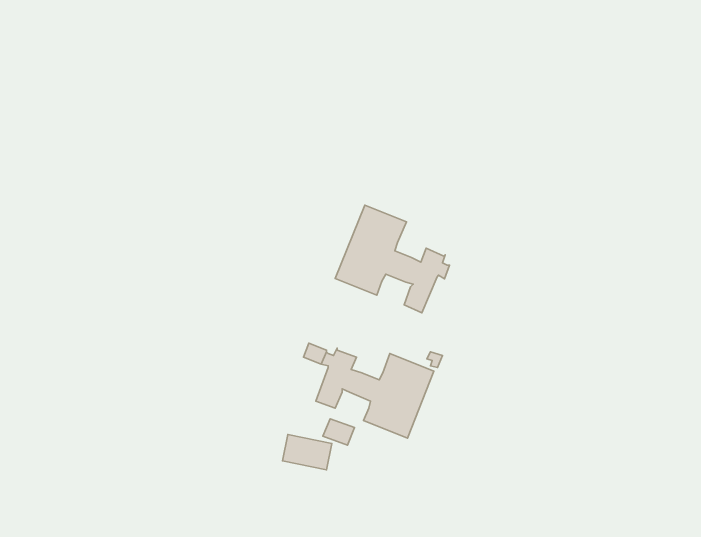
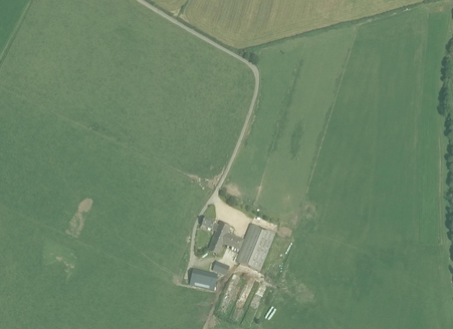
building: [335,205,450,313] -> none

